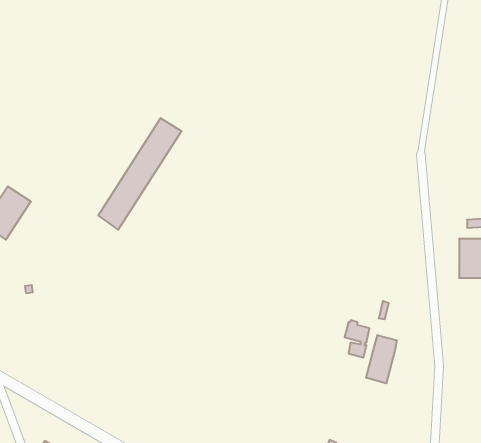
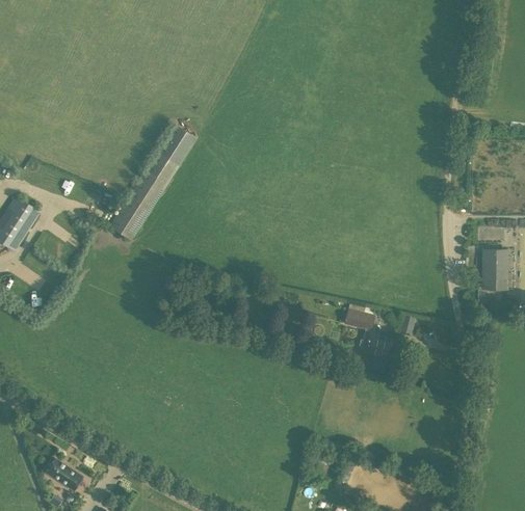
building: none -> [343,307,374,330]
building: [366,335,397,383] -> none

